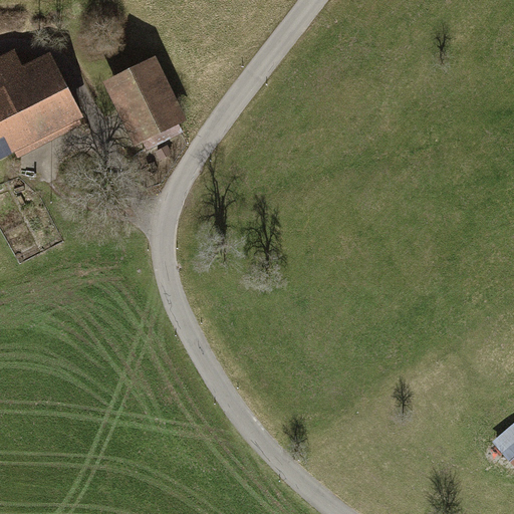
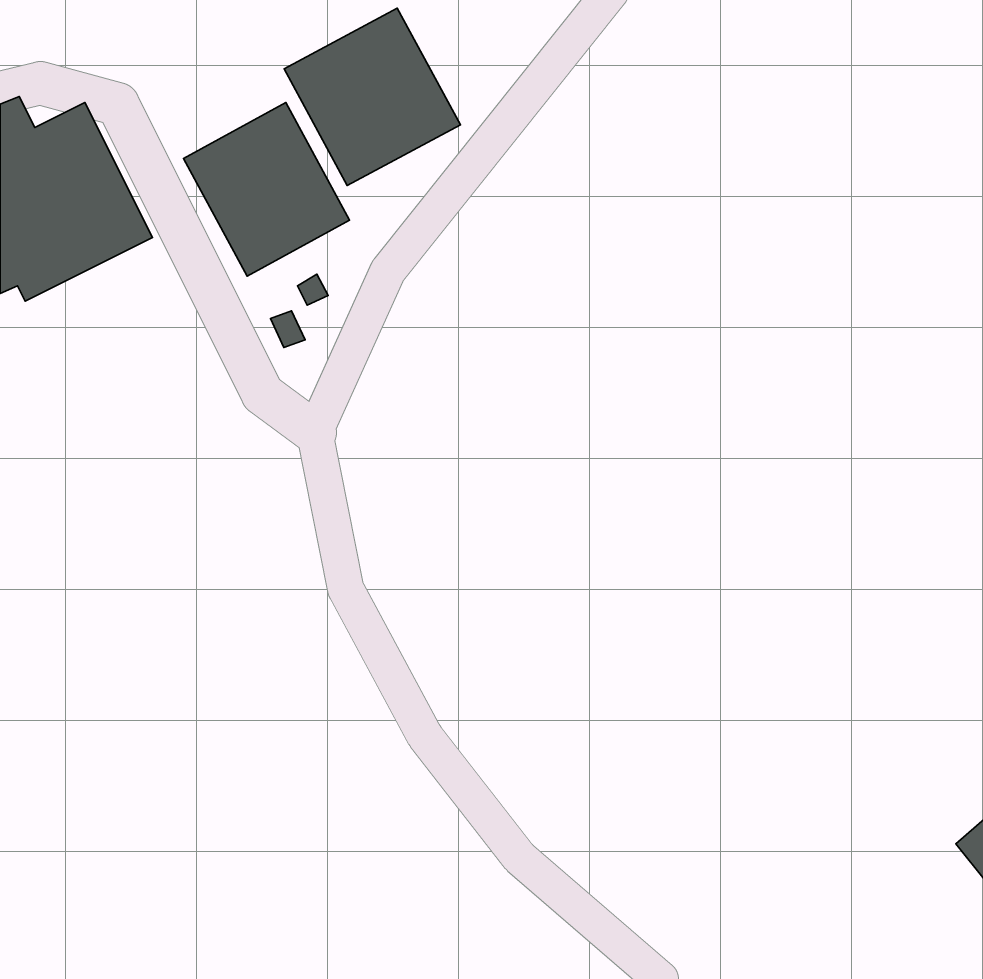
building: none -> [284,8,460,186]

